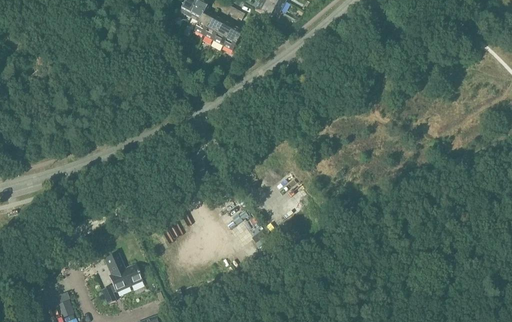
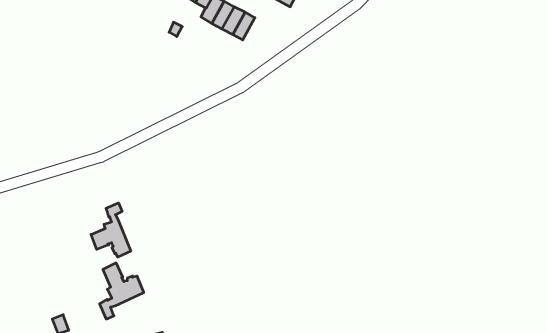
building: none -> [91,203,131,257]

